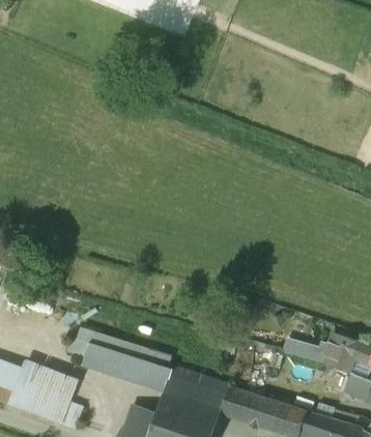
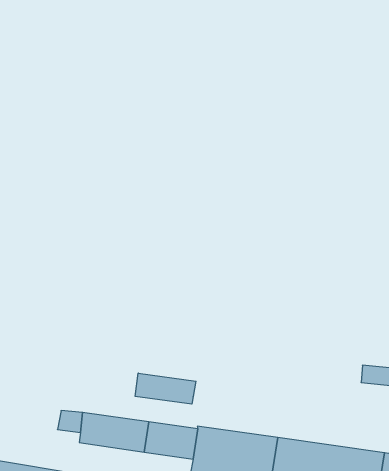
building: none -> [135,373,196,404]

